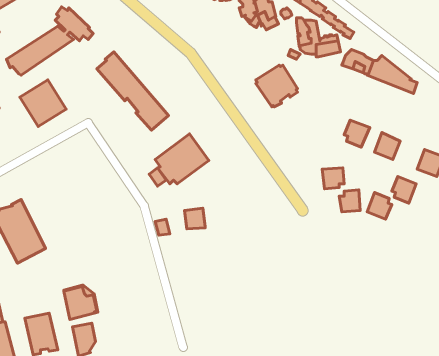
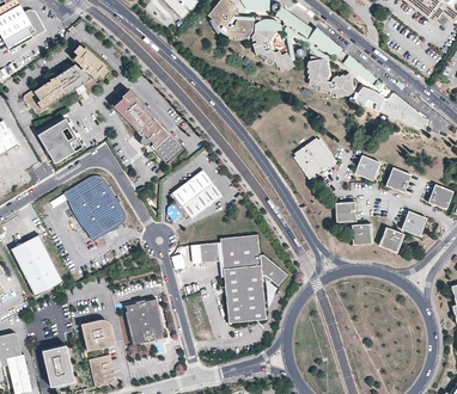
building: [256,65,297,107] -> [293,140,334,180]
building: none -> [62,176,123,241]
building: none -> [220,234,287,322]
building: none -> [126,298,164,344]

